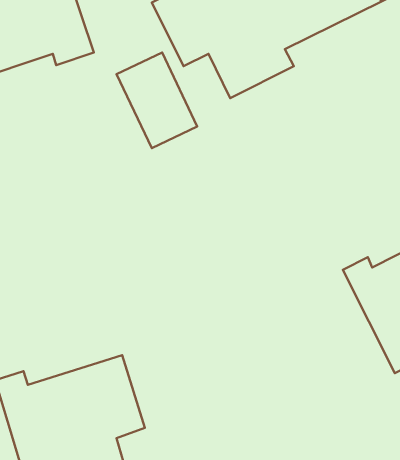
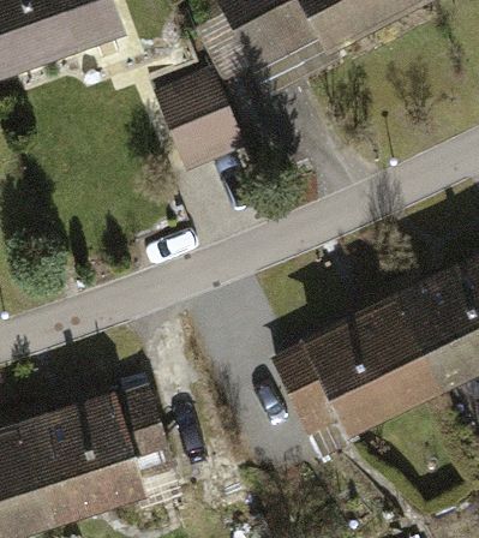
building: none -> [262,315,436,472]

